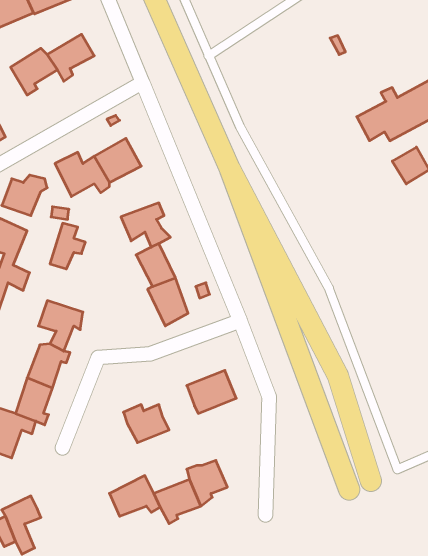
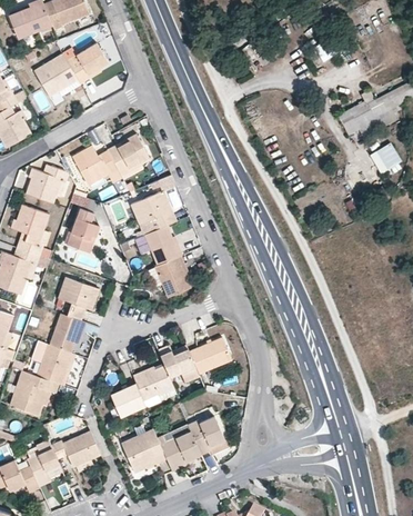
building: none -> [159,347,195,379]
building: none -> [110,385,147,416]
building: none -> [51,431,101,468]

